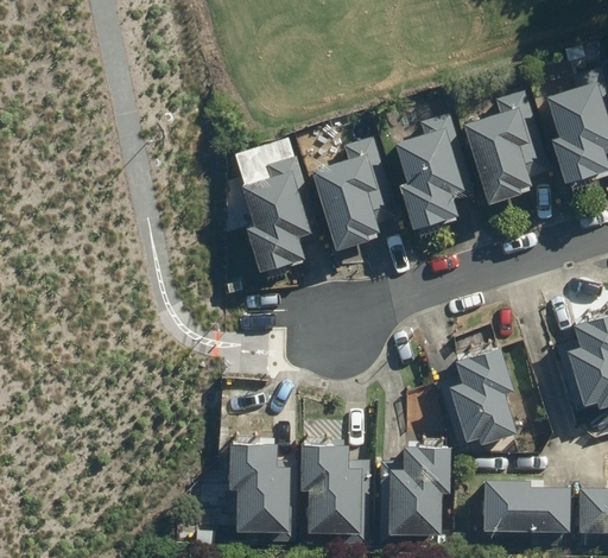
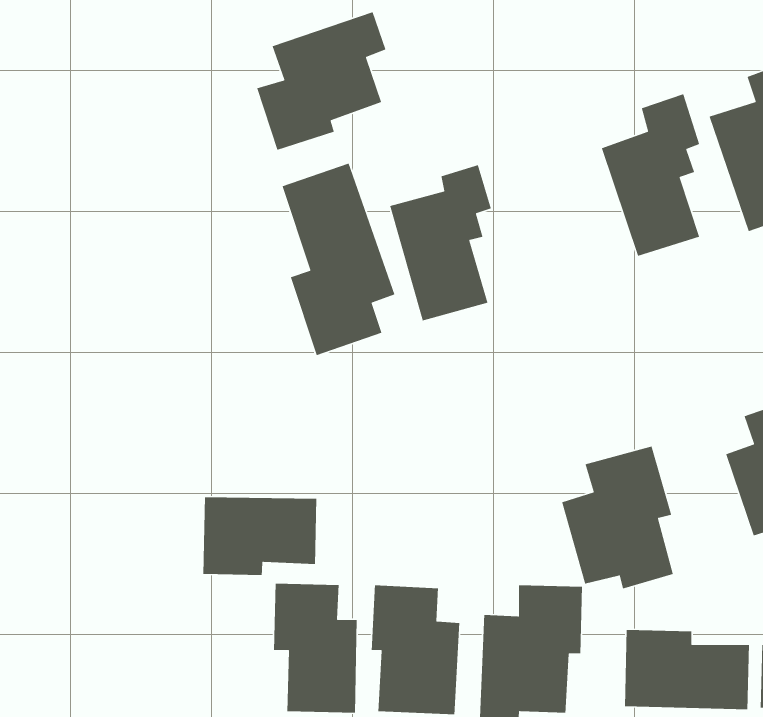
building: none -> [256,11,387,151]
building: [394,114,470,234] -> none
building: none -> [202,496,317,576]

